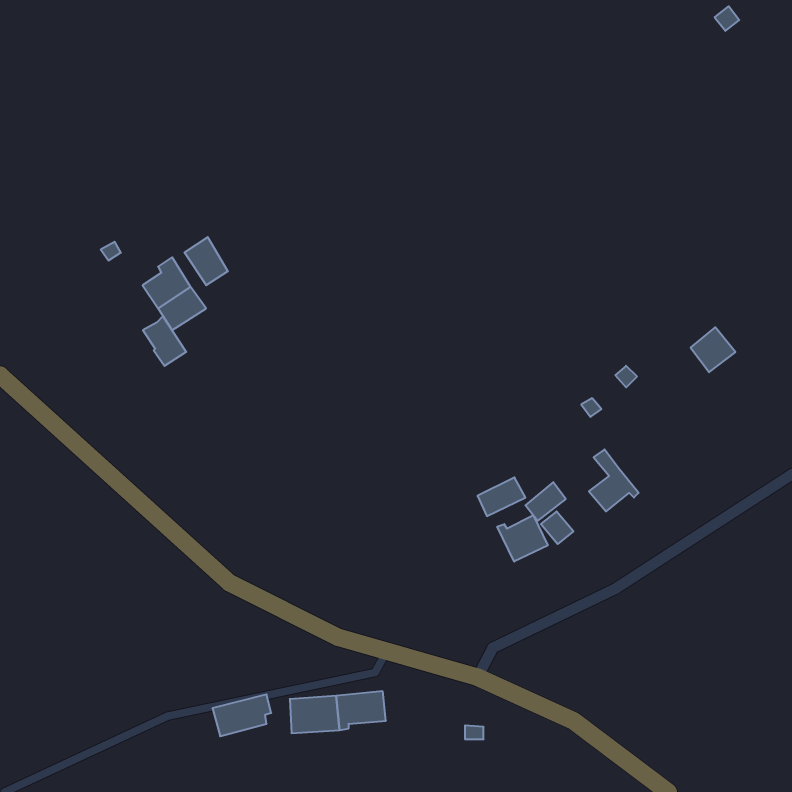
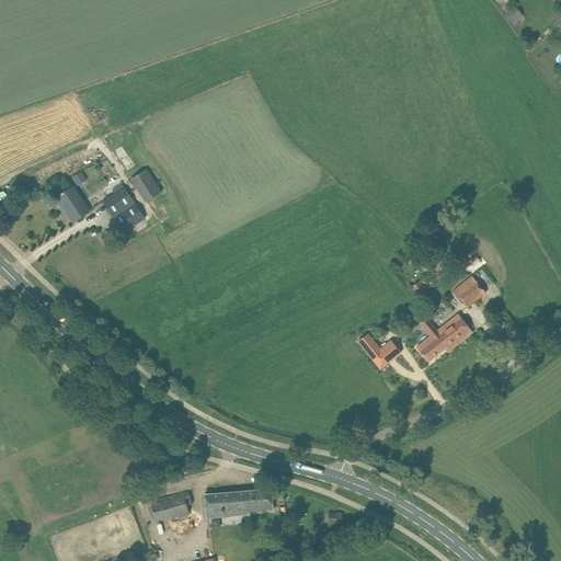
building: [143,316,186,366] -> [58,186,89,221]
building: [691,327,735,372] -> [454,275,485,307]
building: none -> [437,314,472,348]
building: [497,515,548,562] -> none

